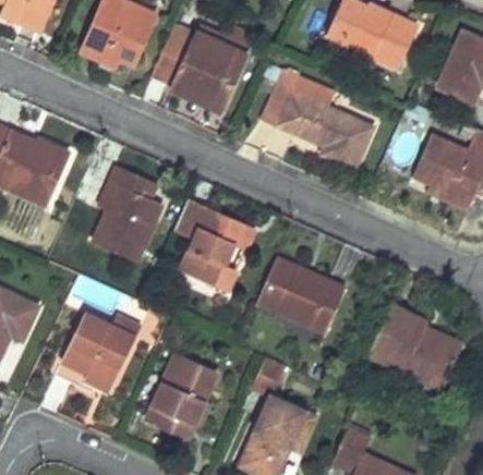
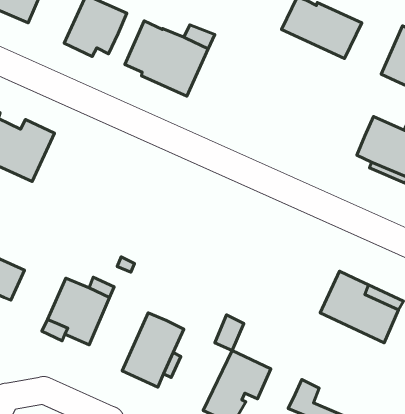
building: [262,70,371,167] -> none
building: [95,167,161,259] -> none
building: [176,200,252,290] -> none
building: [257,257,346,330] -> none

